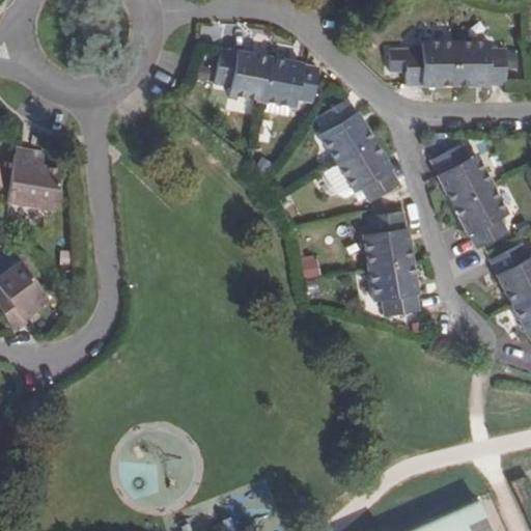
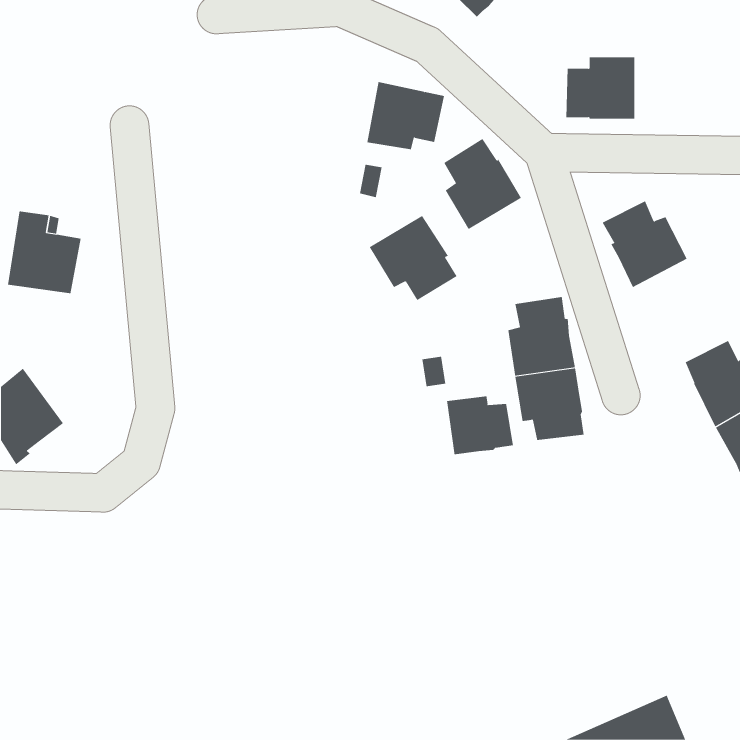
building: [455,40,505,85] -> none
building: [216,50,272,102] -> none
building: [336,141,399,202] -> [369,215,457,301]
building: [453,185,508,248] -> none
building: none -> [446,395,514,455]

